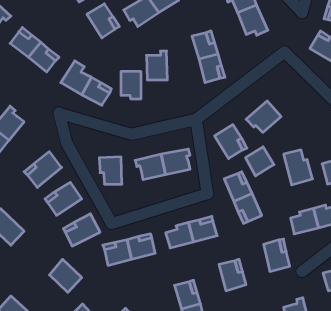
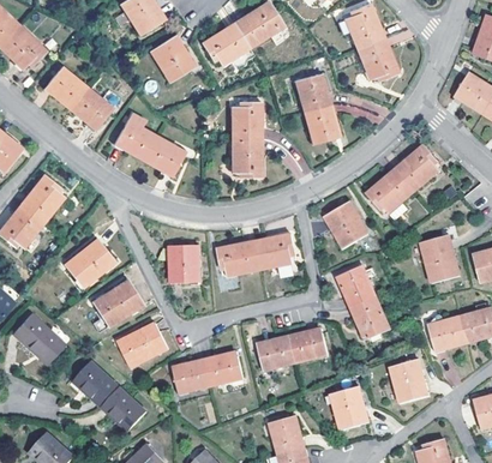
building: [121,72,141,99] -> [233,139,260,176]
building: none -> [397,143,440,190]
building: [246,147,274,176] -> none
building: none -> [72,361,116,407]

